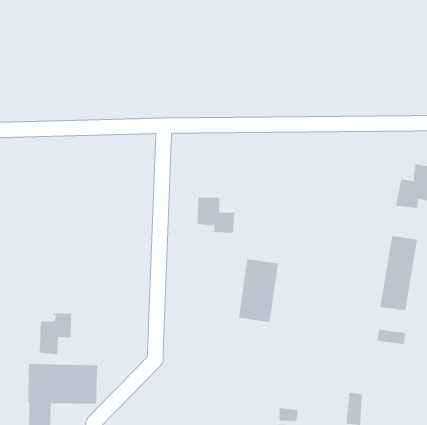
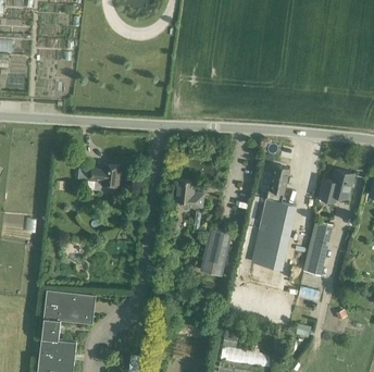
building: none -> [252,165,297,270]
building: none -> [91,164,122,186]
building: [39,313,72,355] -> none

